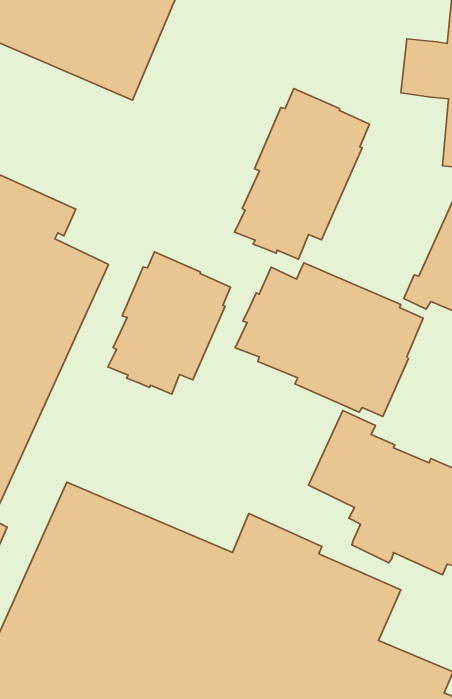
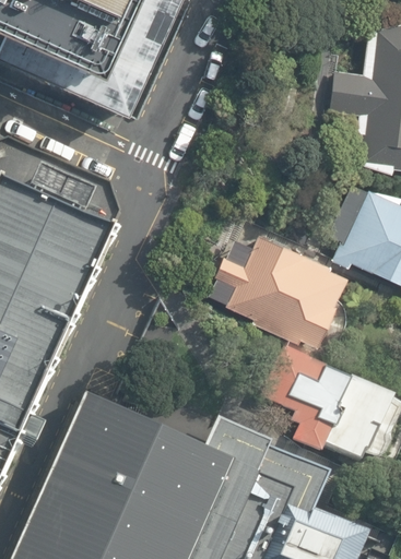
building: [235,89,370,259] -> none
building: [108,252,231,394] -> none

